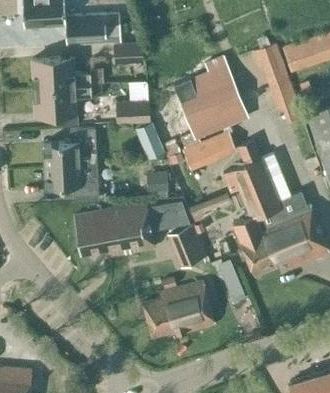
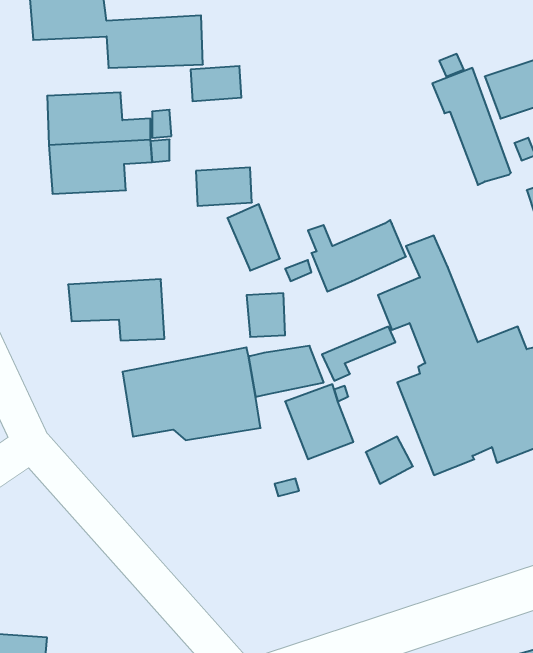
building: [173,56,246,140] -> none
building: [43,128,97,167] -> none
building: [142,280,215,337] -> none

